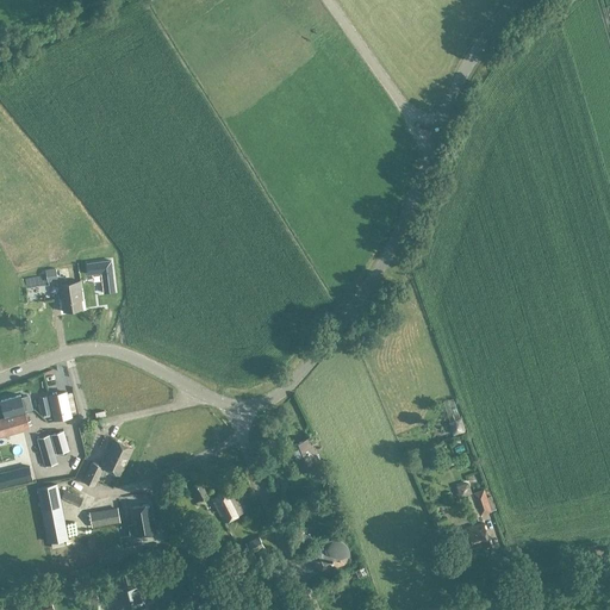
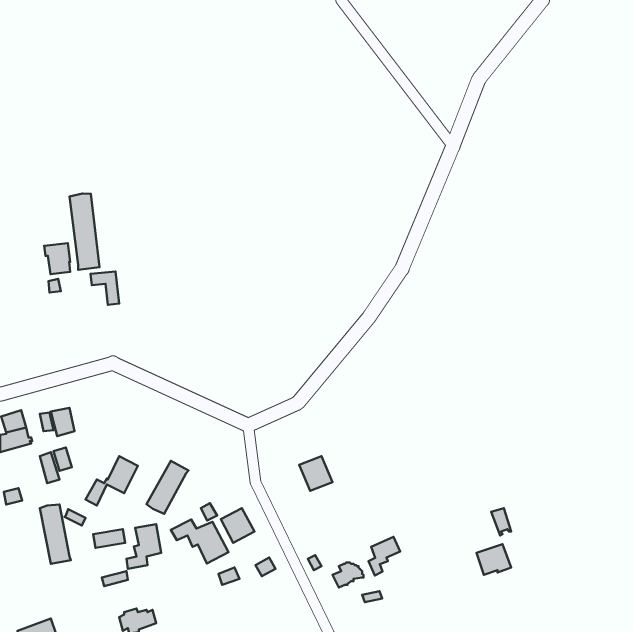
building: none -> [70,194,99,270]
building: [57,282,82,312] -> [44,243,70,274]
building: none -> [147,461,188,514]
building: none -> [171,520,229,563]
building: none -> [369,537,400,575]

